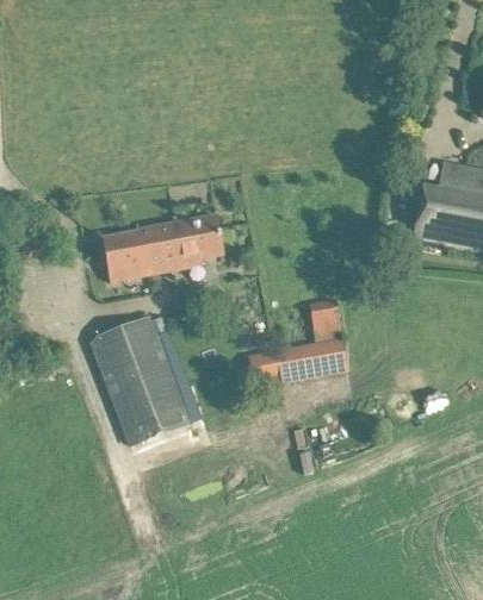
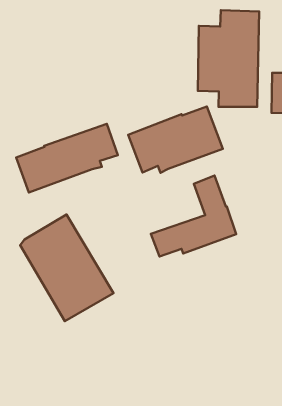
building: none -> [198,10,259,107]
building: none -> [128,107,223,173]

